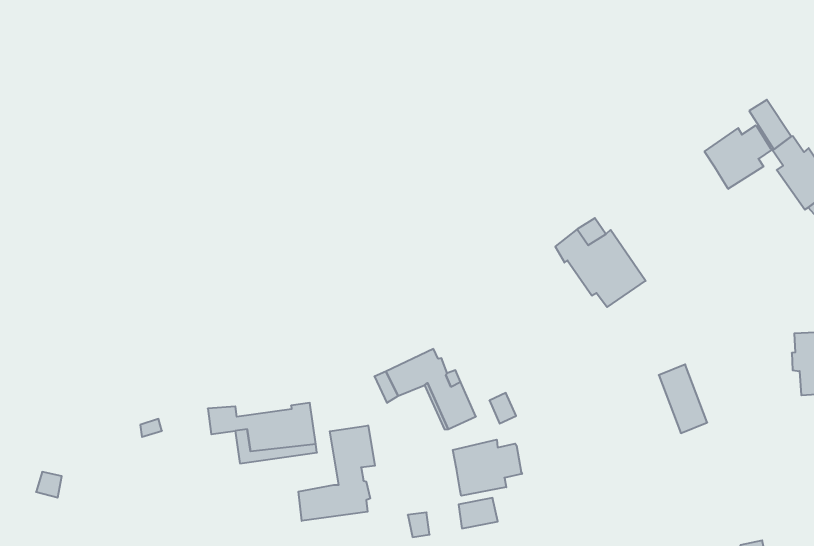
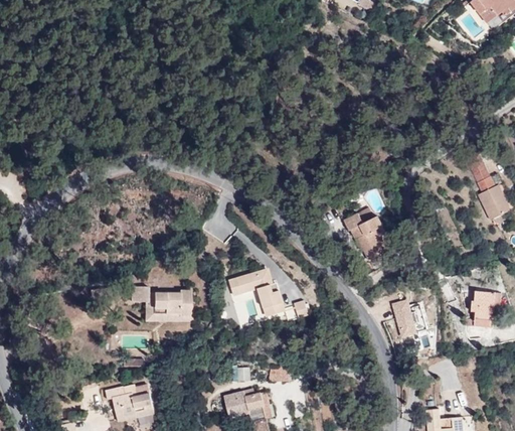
building: [705,125,772,189] -> none
building: [298,425,375,521] -> none
building: [453,440,522,496] -> none

